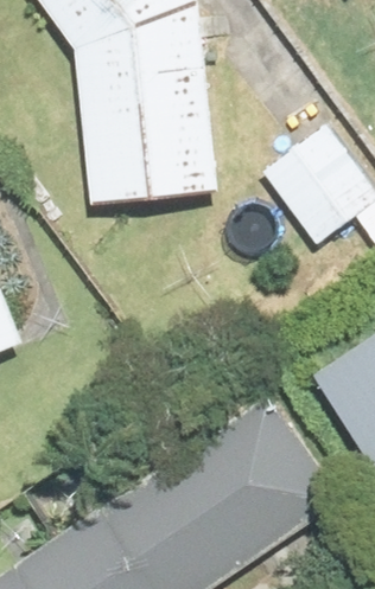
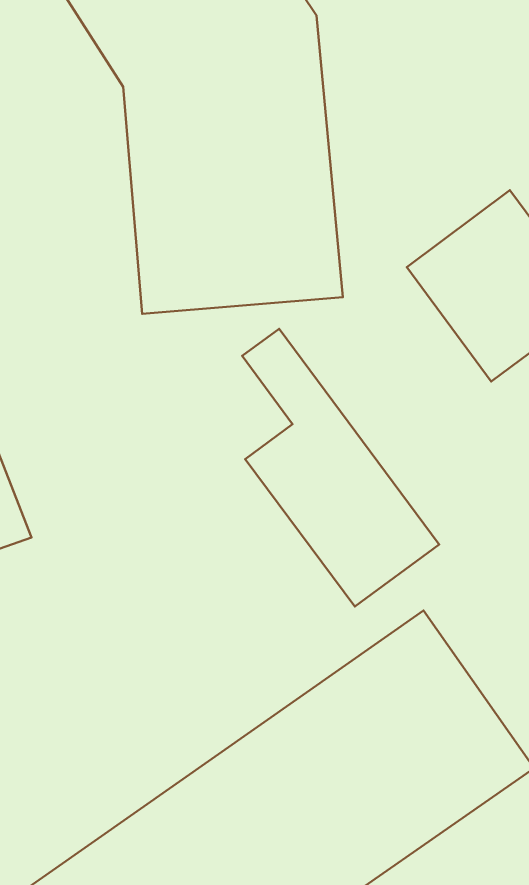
building: none -> [242,329,439,607]

